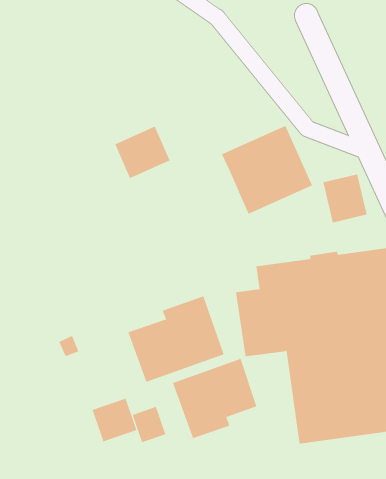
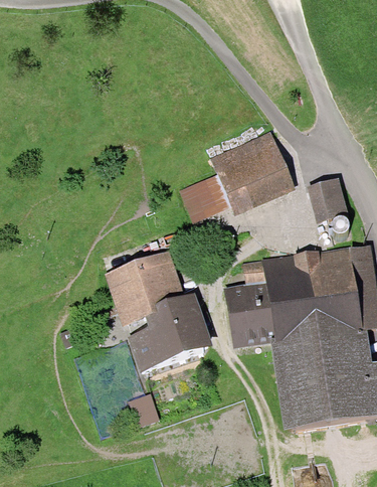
building: [114,126,170,179] -> [179,174,231,223]
building: [172,358,257,439] -> [104,250,183,325]
building: [92,398,137,442] -> none

